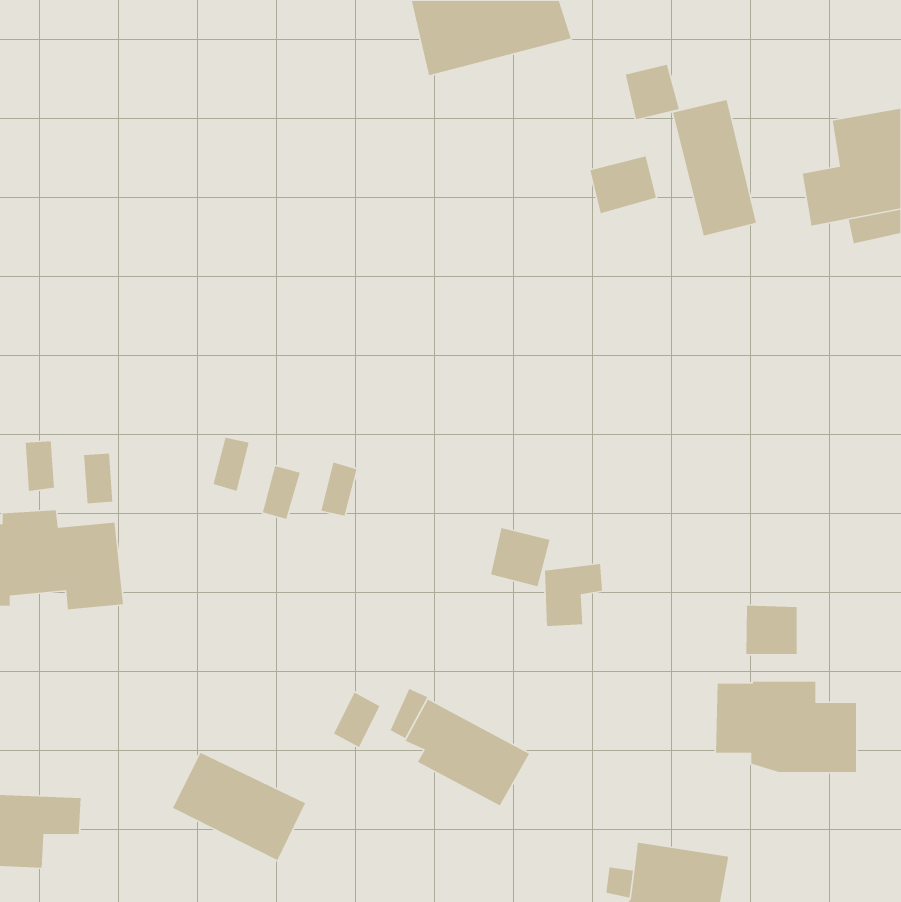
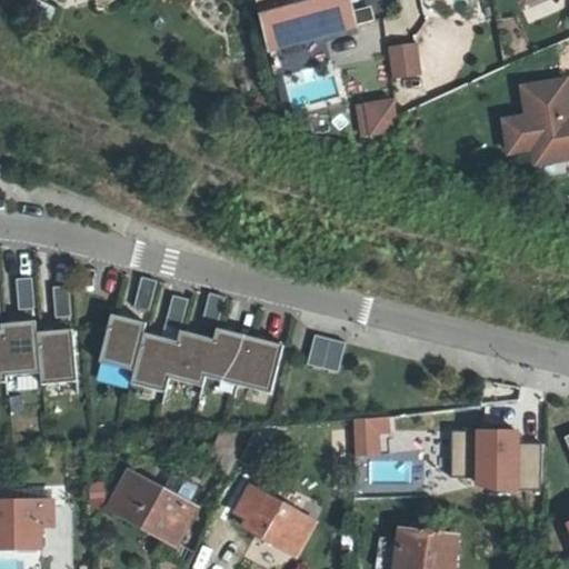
building: [672,99,757,237] -> none
building: none -> [100,313,283,392]
building: [544,563,603,627] -> [353,413,390,453]
building: [746,605,797,655] -> none
building: [404,699,530,806] -> [234,487,313,555]

